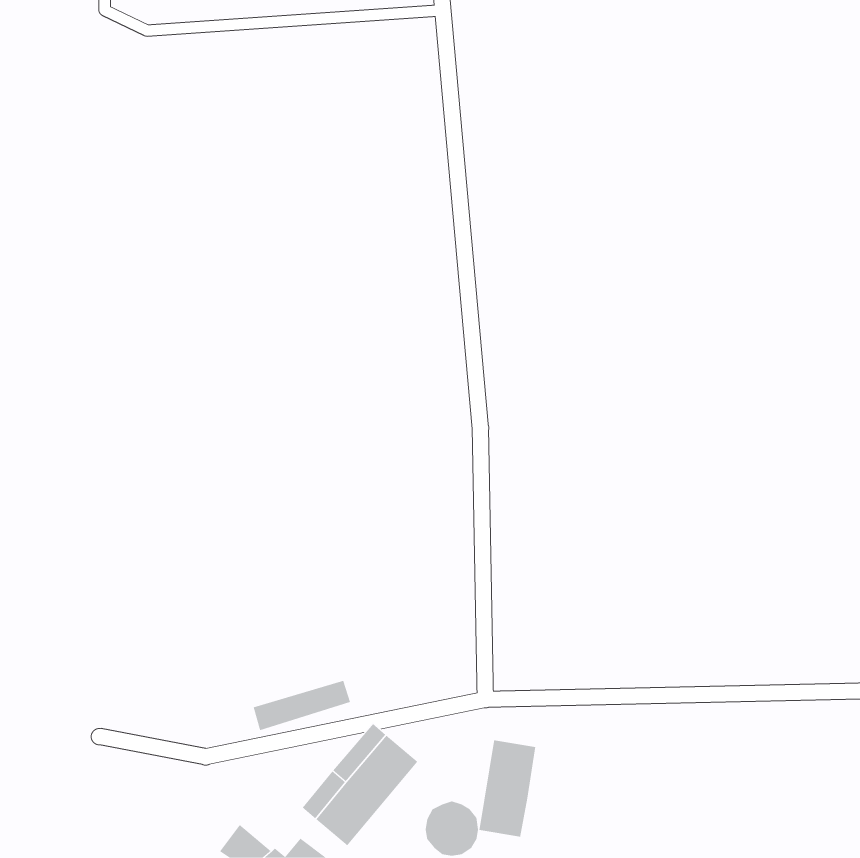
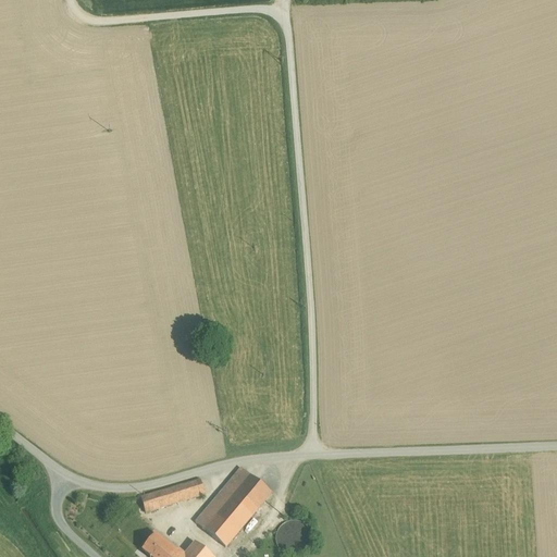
building: [253,680,351,731] -> [140,479,203,511]
building: [479,740,536,838] -> none

